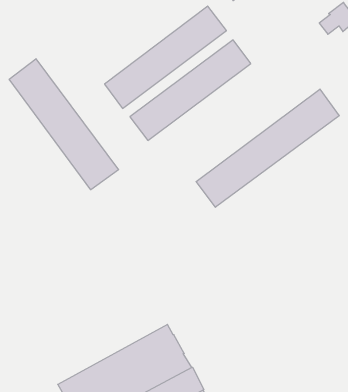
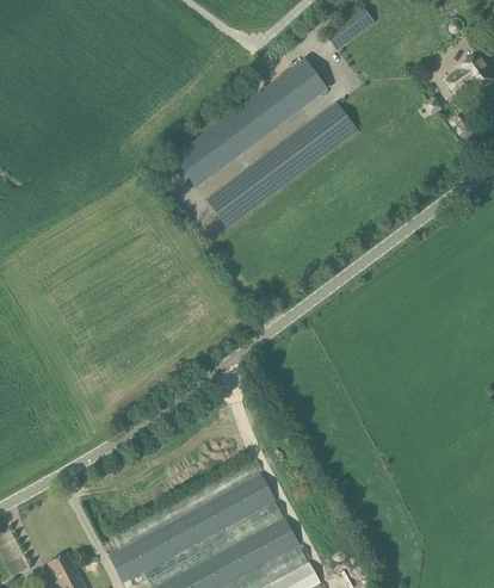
building: [9,59,119,190] -> none
building: [196,89,339,207] -> none

